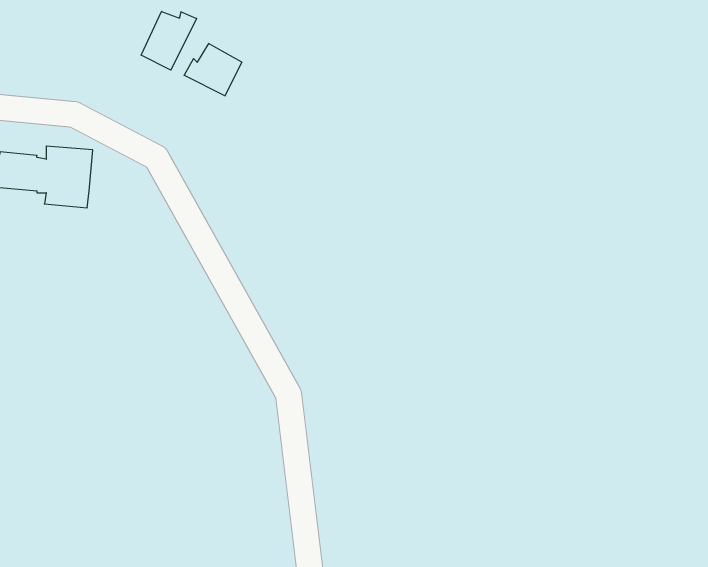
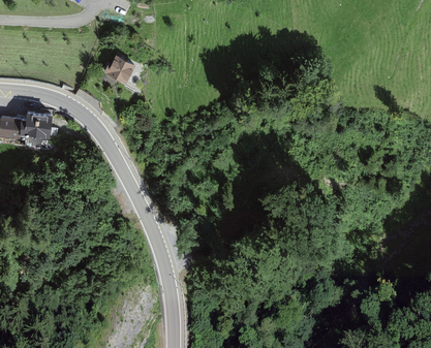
building: [141,11,197,70] -> none

